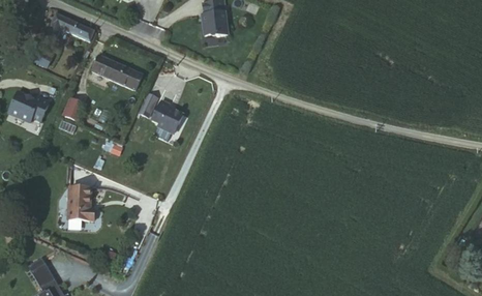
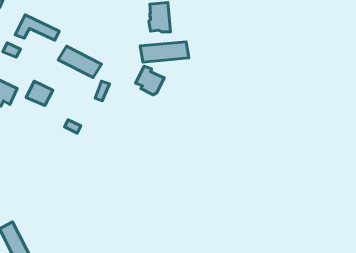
building: none -> [140,42,189,62]
building: [153,99,186,132] -> [135,66,164,95]
building: [69,184,96,219] -> none

